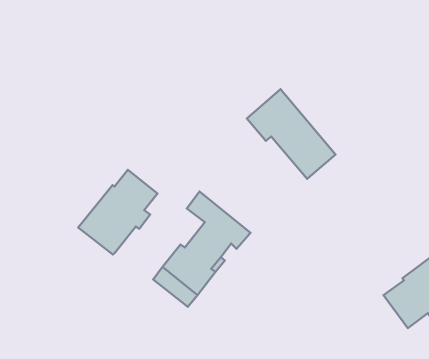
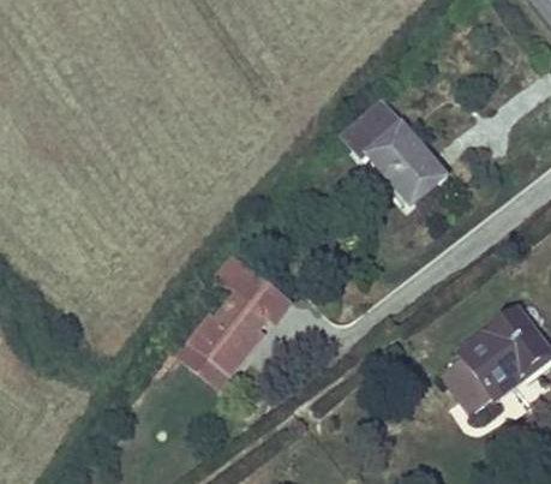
building: [247,89,336,179] -> [342,101,443,203]
building: [78,170,158,255] -> none

